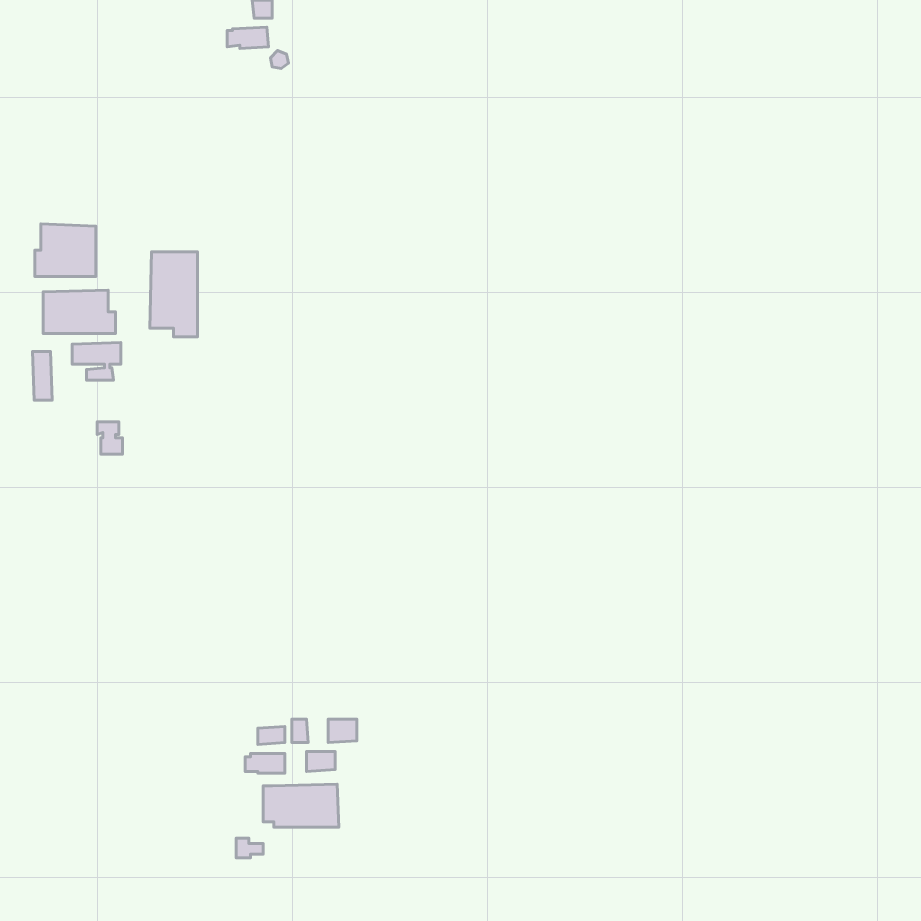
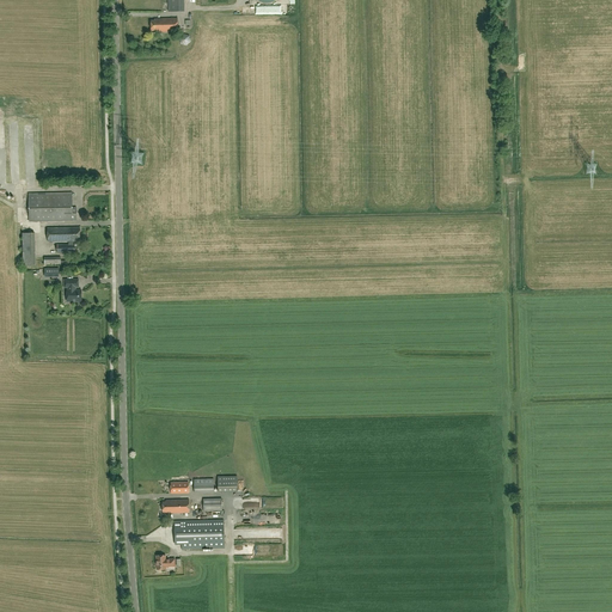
building: [35,224,96,277] -> none
building: [150,252,198,337] -> none

